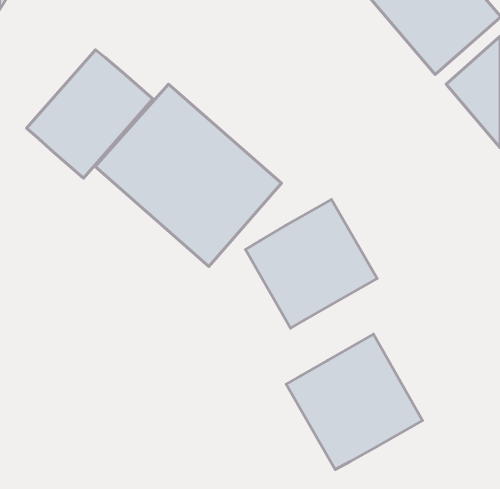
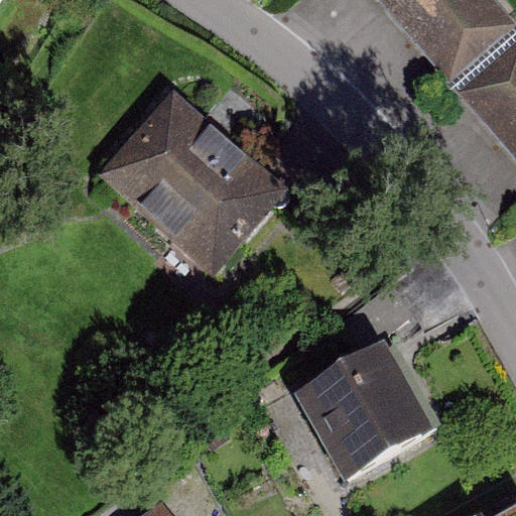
building: [26,50,153,178] -> none
building: [246,199,377,328] -> none

